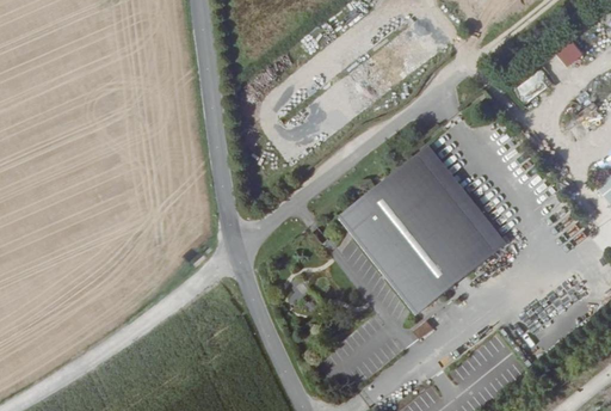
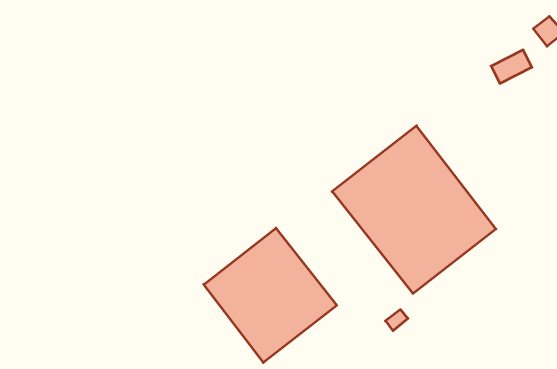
building: none -> [204,228,337,363]

